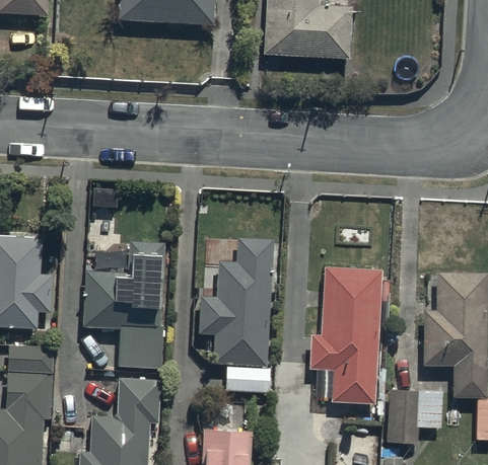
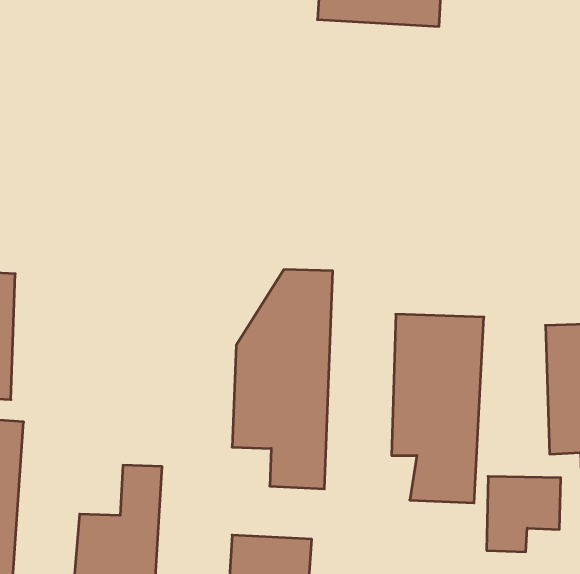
building: [82,252,164,369] -> none

